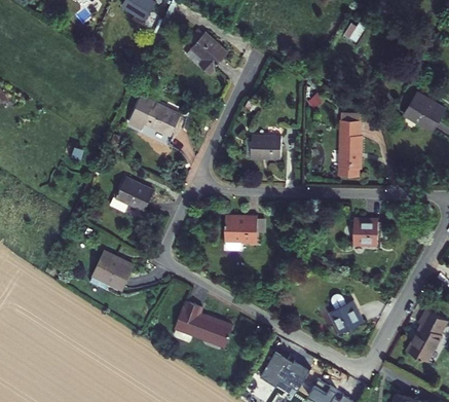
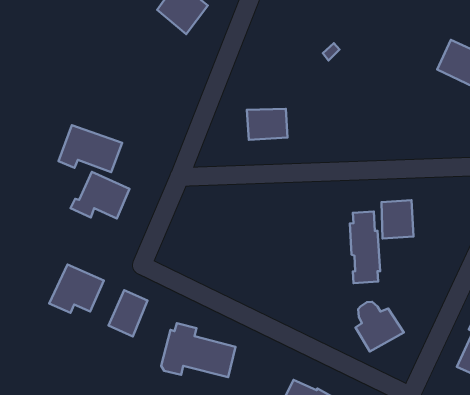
building: [126,99,178,138] -> [58,125,122,172]
building: [341,122,363,178] -> [350,211,380,283]
building: [225,217,264,252] -> none
building: none -> [108,290,147,336]

